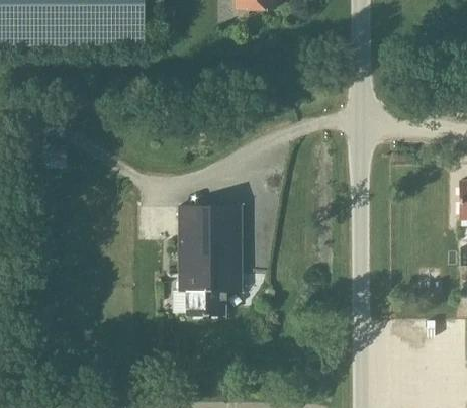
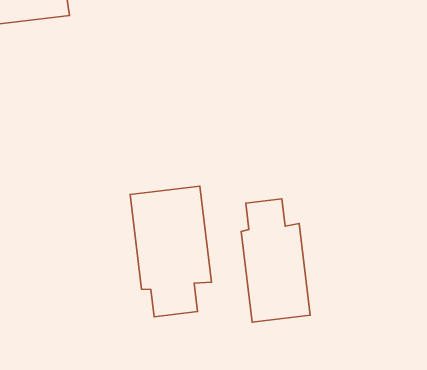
building: none -> [241,199,310,322]

